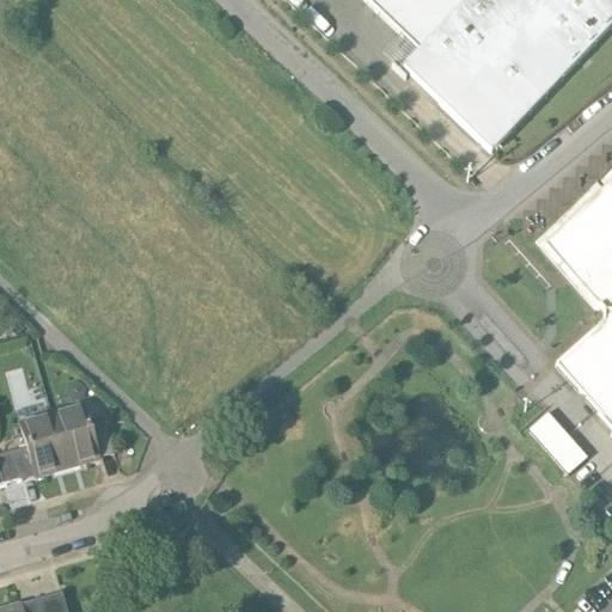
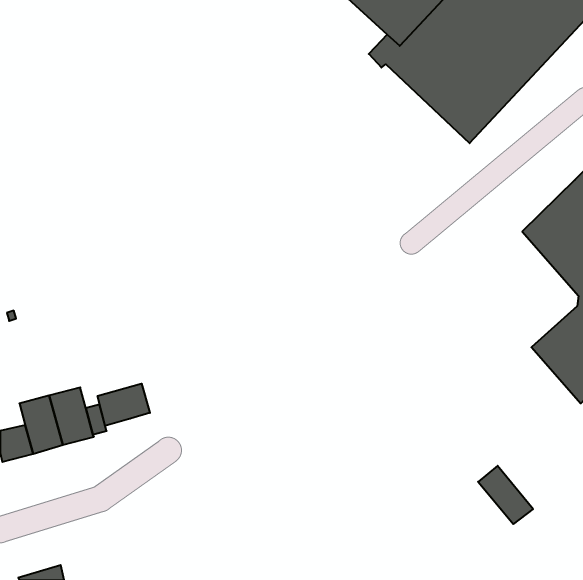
building: none -> [98,384,150,426]
building: [528,409,586,470] -> [478,466,533,524]

